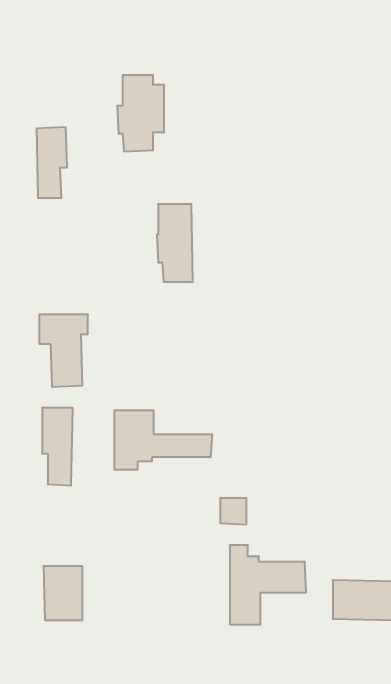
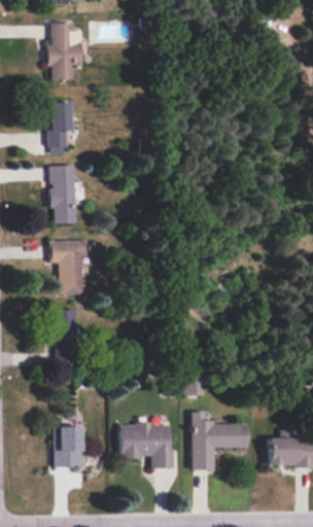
building: [117,75,164,152] -> [47,24,82,80]
building: [157,204,193,282] -> [49,166,76,223]
building: [114,410,212,470] -> none
building: none -> [120,424,174,468]

